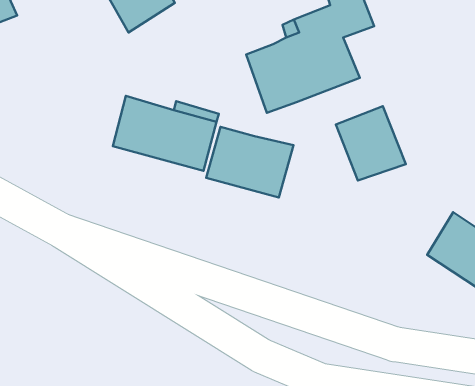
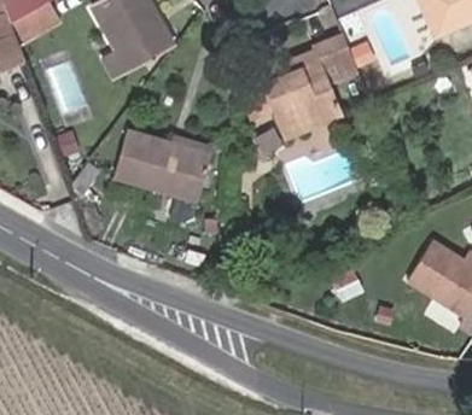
building: [336,106,406,181] -> none
building: [206,127,293,198] -> none

